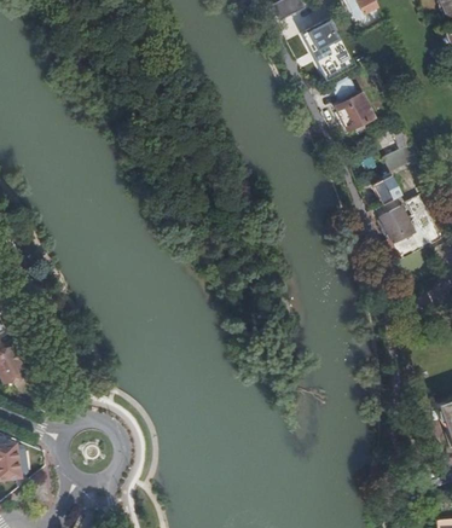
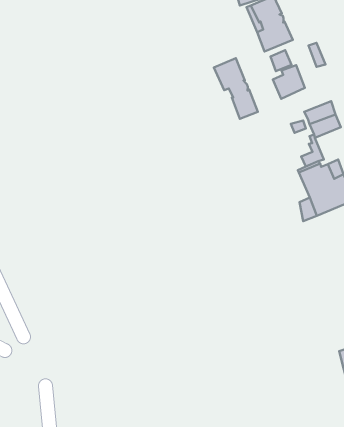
building: none -> [214,58,258,119]

